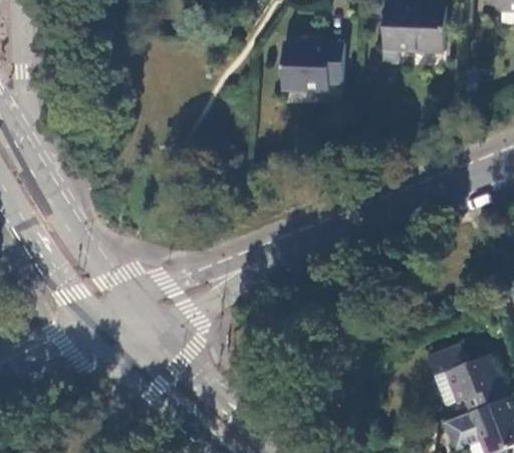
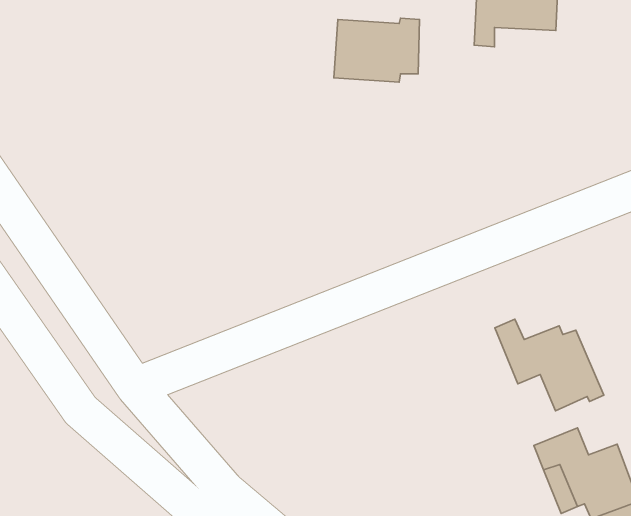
building: none -> [495,319,604,411]

